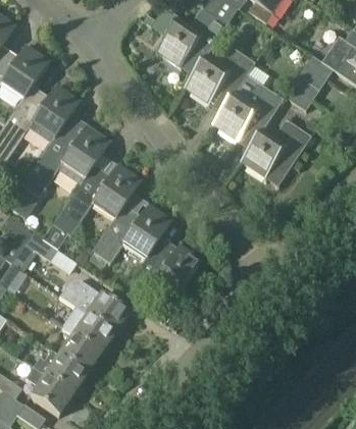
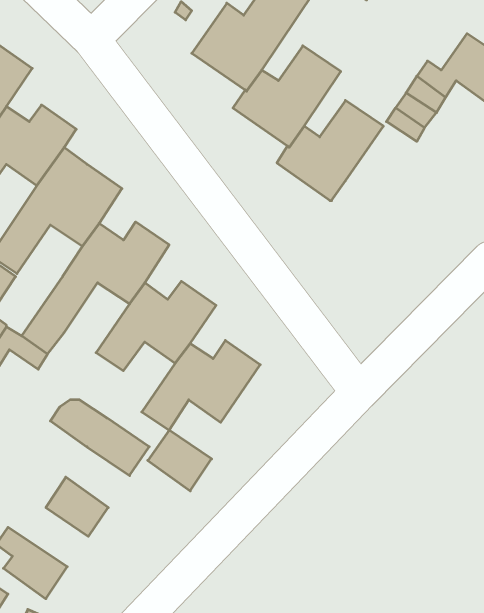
building: [242,117,312,184] -> none
building: [71,313,114,354] -> [148,430,212,491]
building: [33,354,87,393] -> none

